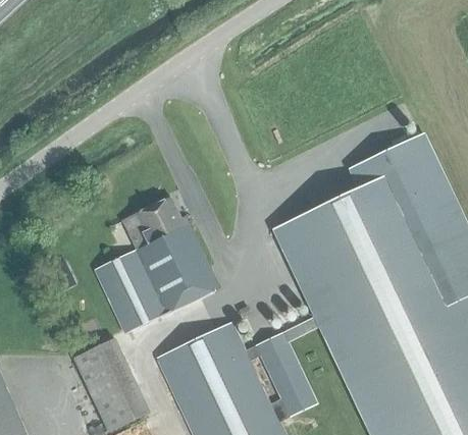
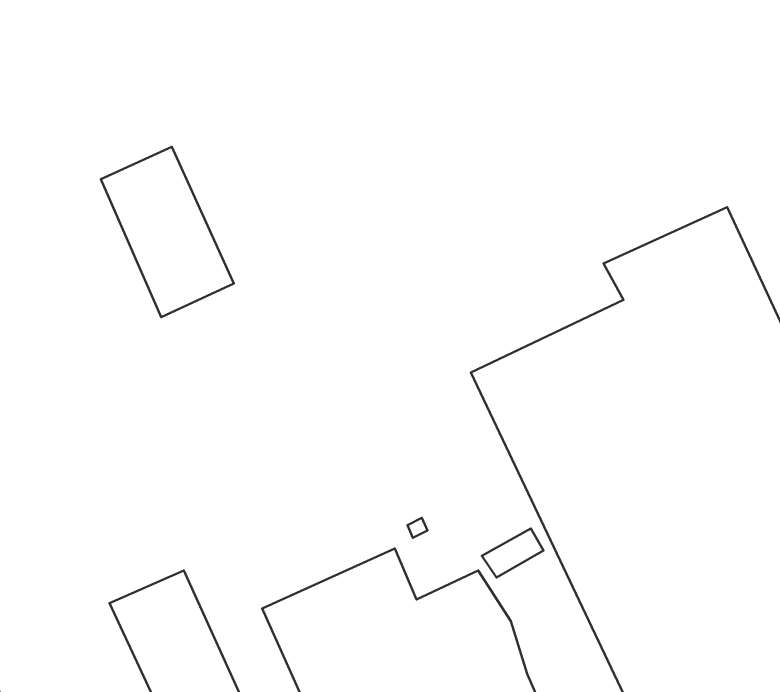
building: none -> [101,147,234,317]
building: [96,199,220,332] -> none

